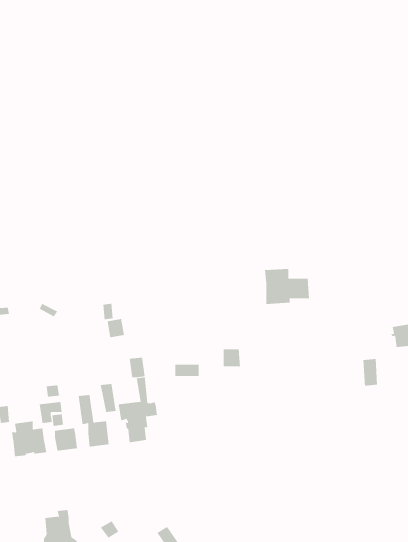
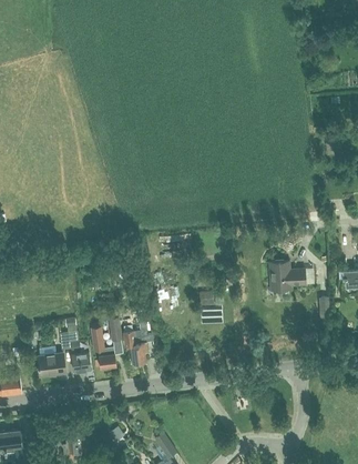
building: [264,268,310,304] -> [268,262,305,291]

